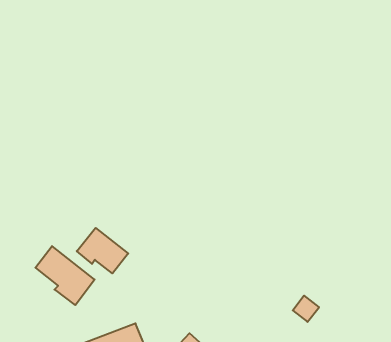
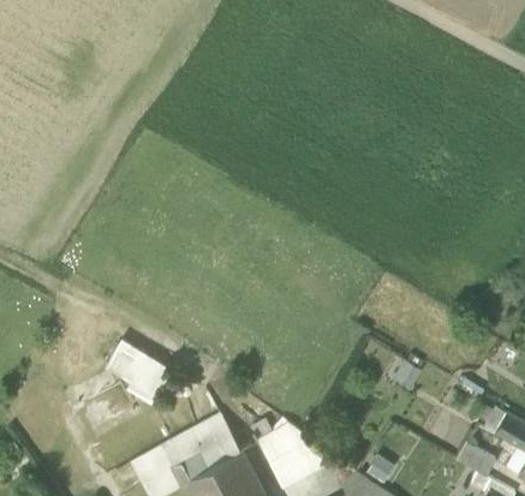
building: [77,228,128,273] -> none

